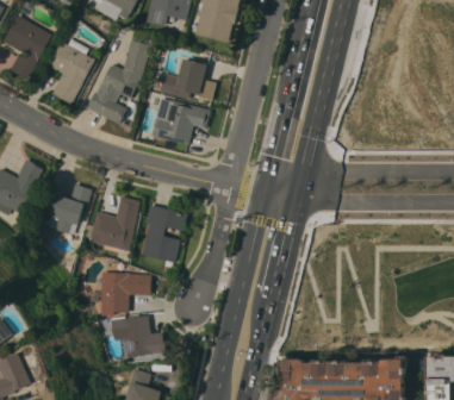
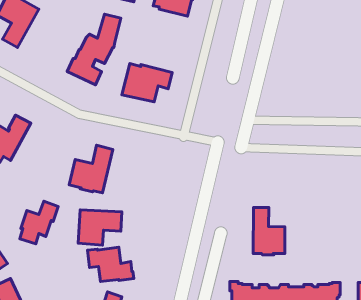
building: [48,38,95,105] -> none
building: [158,58,216,107] -> none
building: [46,183,92,233] -> [20,201,58,244]
building: [141,205,187,263] -> none
building: none -> [253,207,285,255]

